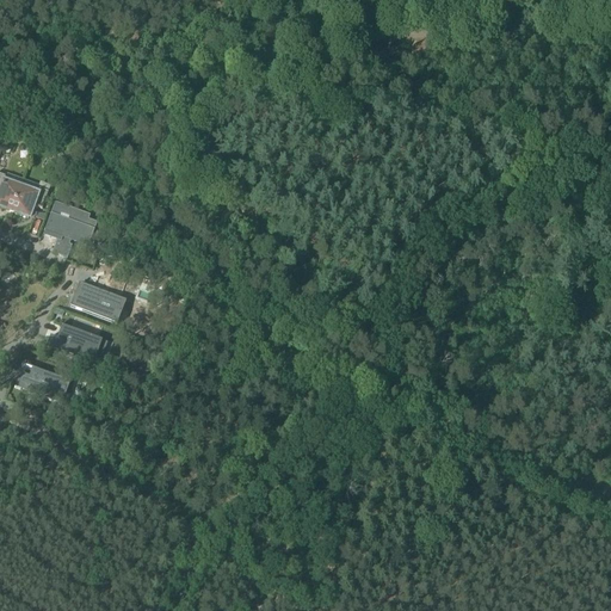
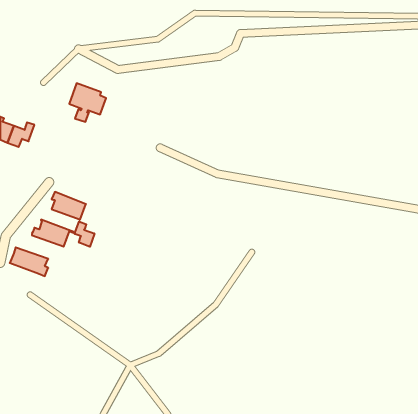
building: [43,198,97,254] -> [69,83,106,122]
building: none -> [75,221,94,247]

